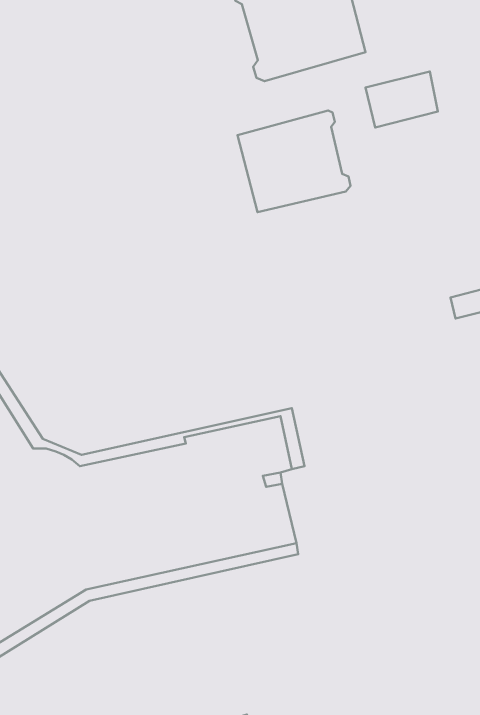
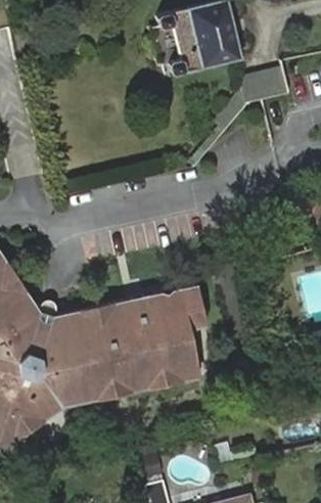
building: [238,110,351,212] -> none

